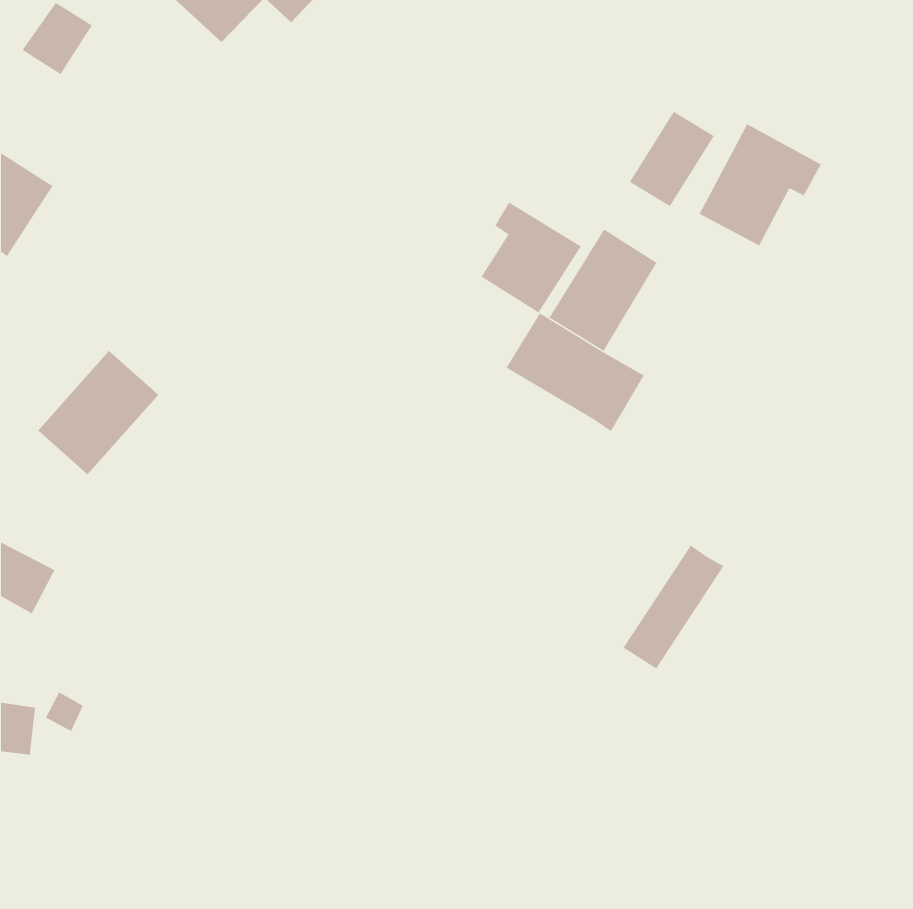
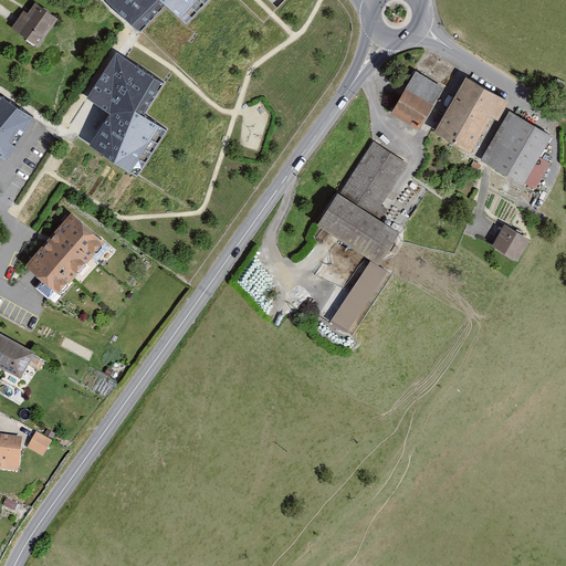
building: none -> [87,53,159,168]
building: none -> [476,109,552,193]
building: [481,201,582,313] -> none
building: none -> [491,226,528,262]
building: [623,544,724,669] -> [325,260,388,337]

